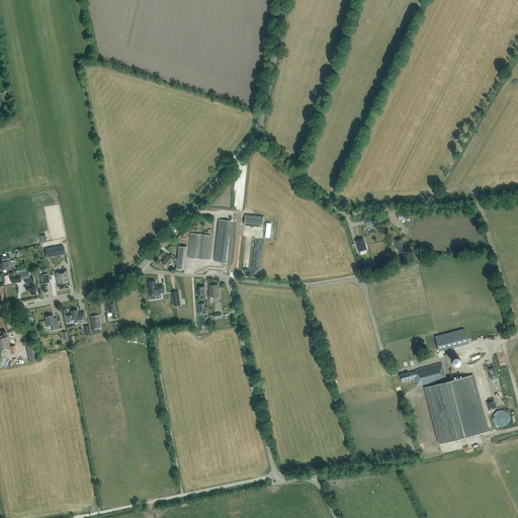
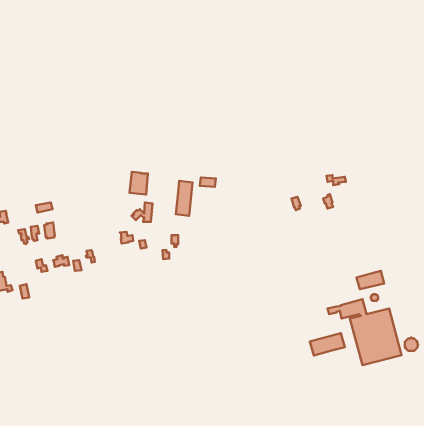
building: [187,233,209,260] -> [129,172,148,194]
building: none -> [310,333,345,356]

